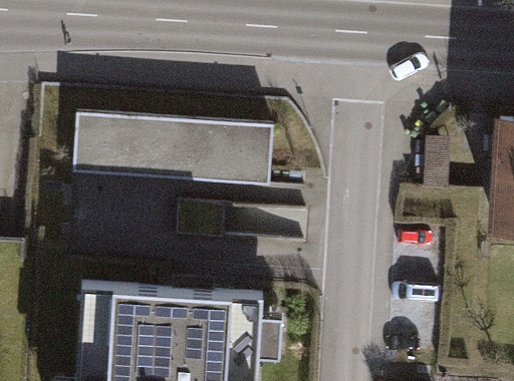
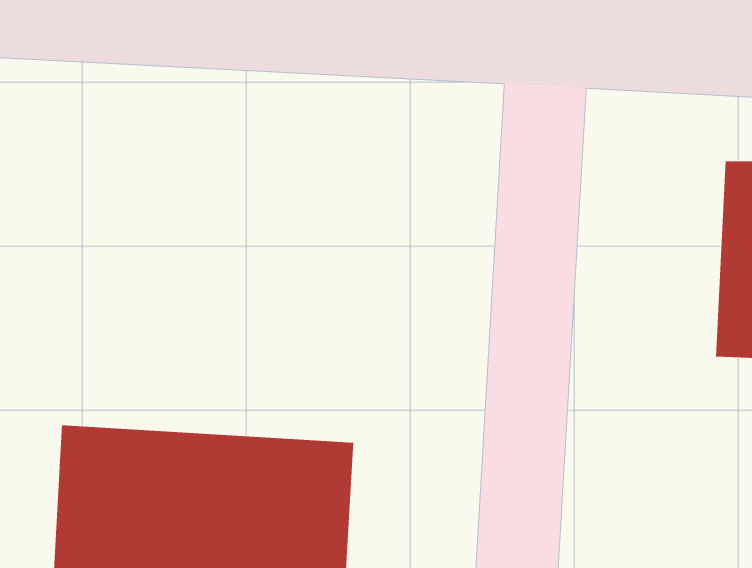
building: [75,112,274,182] -> none

